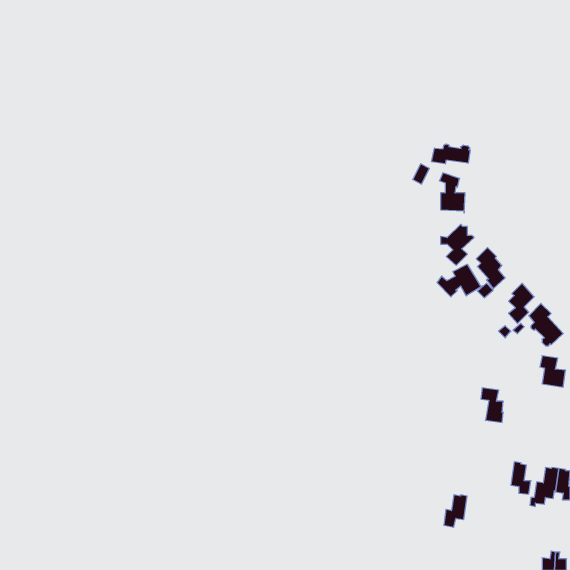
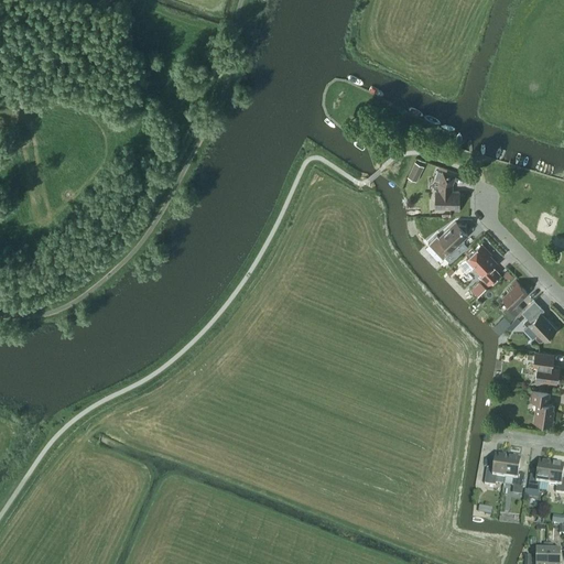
building: [432,144,470,164] -> none
building: [437,264,483,297] -> none
building: [481,388,503,422] -> [530,390,552,424]
building: [444,495,467,527] -> [485,455,508,487]

